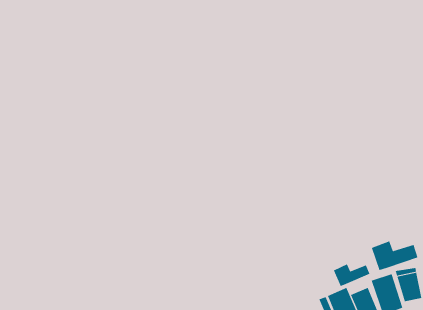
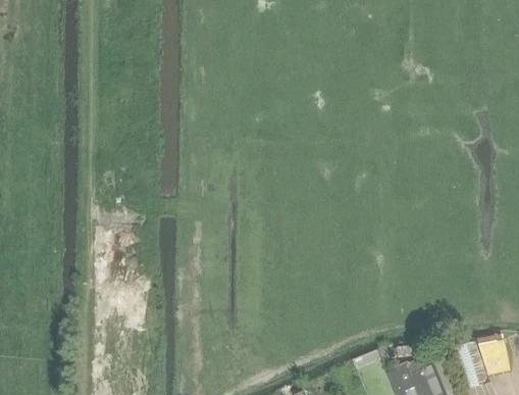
building: [371,241,418,271] -> none
building: [333,264,370,287] -> none

